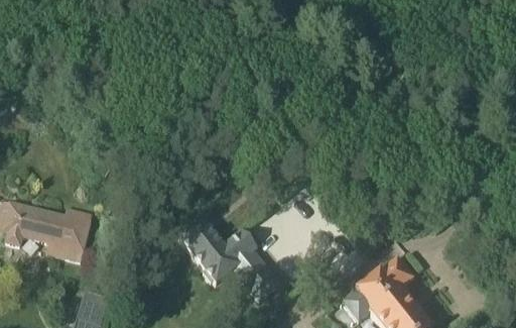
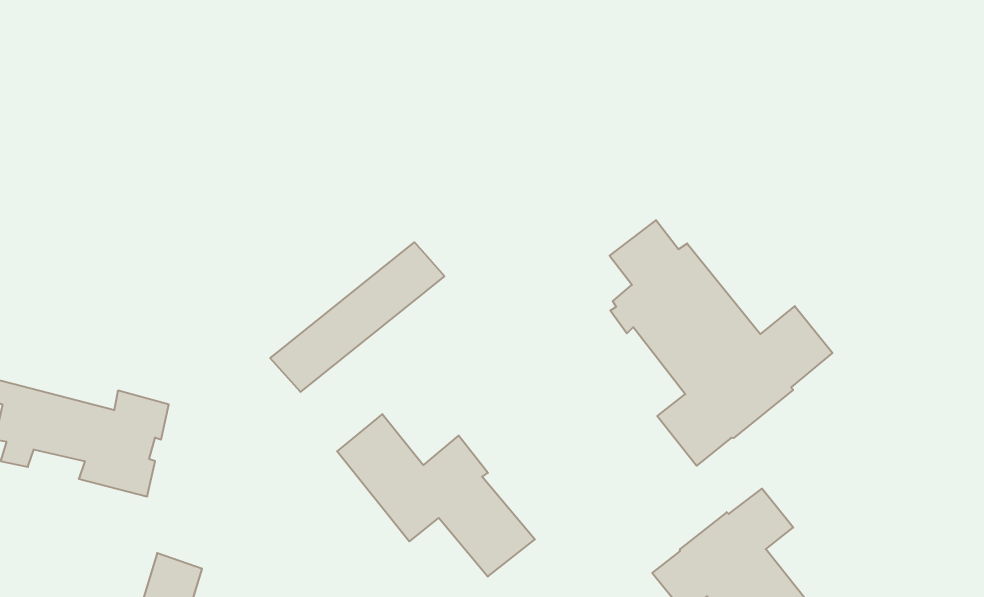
building: none -> [610,220,832,466]
building: none -> [270,242,444,392]

